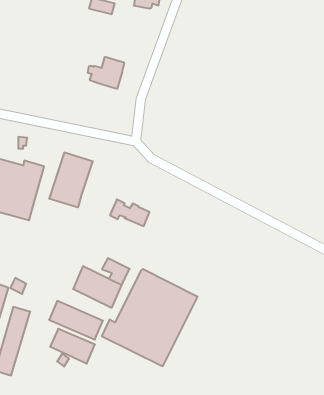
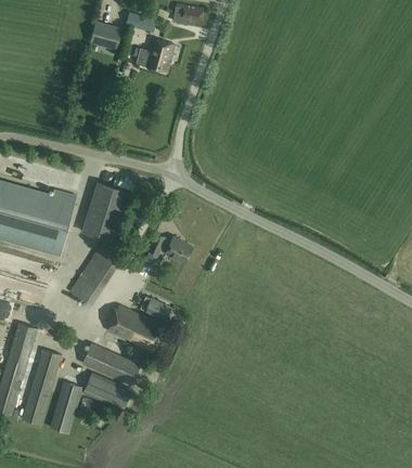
building: none -> [89,21,121,51]
building: [88,57,124,89] -> [133,38,173,73]
building: none -> [68,239,124,304]
building: [102,269,197,366] -> none
building: none -> [49,381,81,432]

